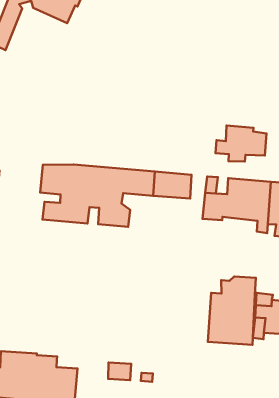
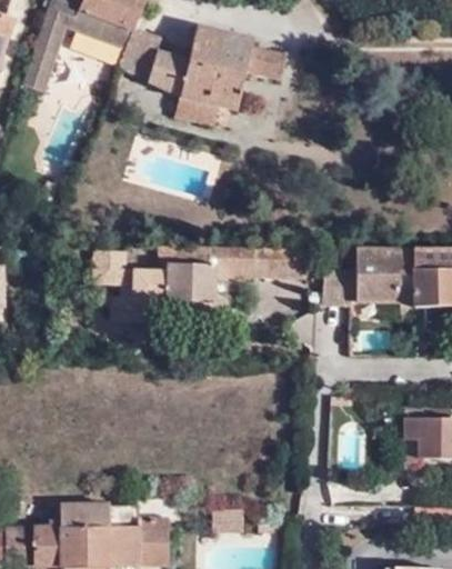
building: none -> [118,26,284,123]
building: [215,126,267,162] -> none
building: [208,276,256,345] -> none

